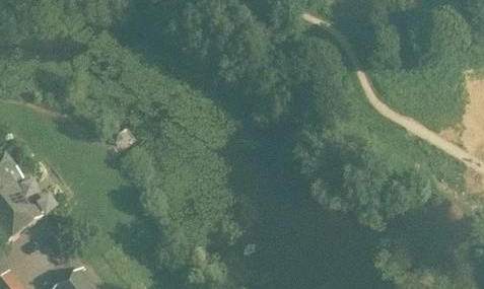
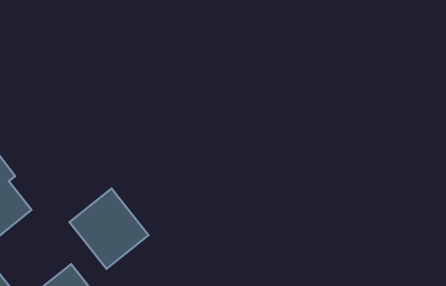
building: none -> [69,188,149,269]

